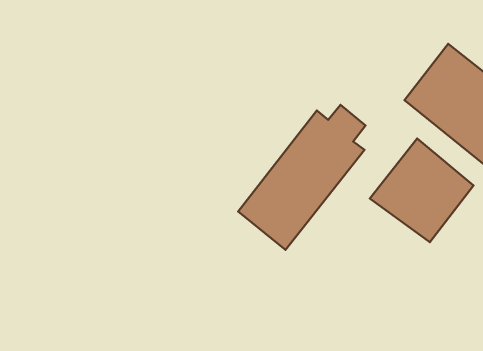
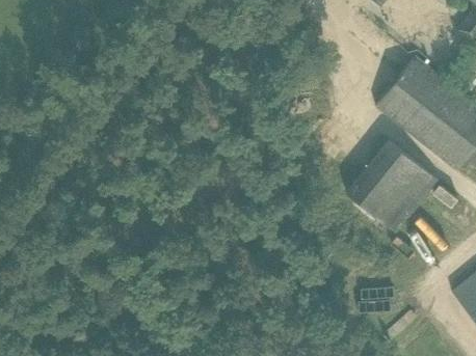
building: [238,105,365,250] -> none

